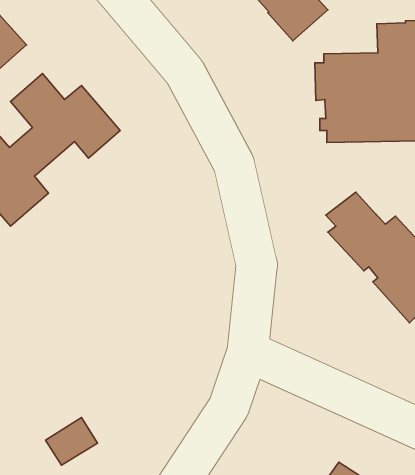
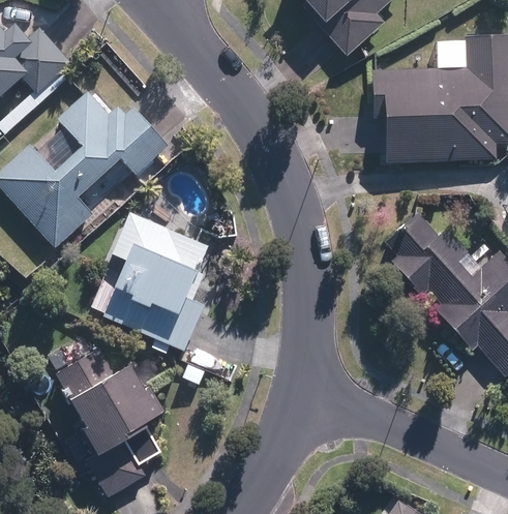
building: none -> [101,212,211,351]
building: none -> [52,337,165,456]

